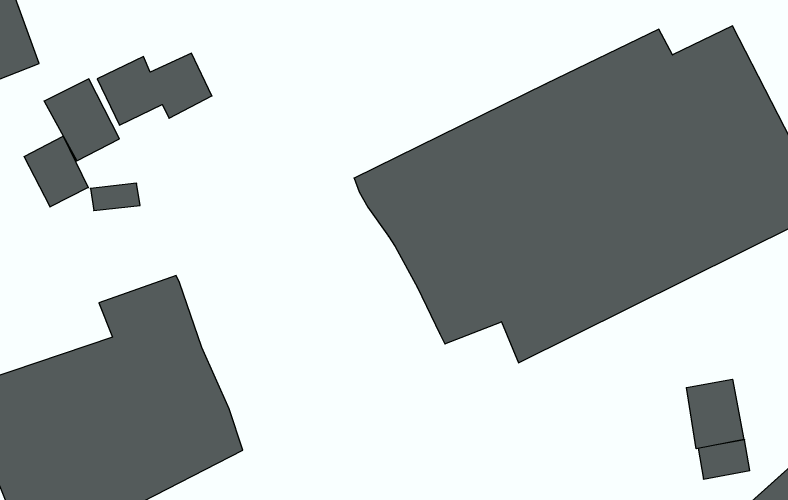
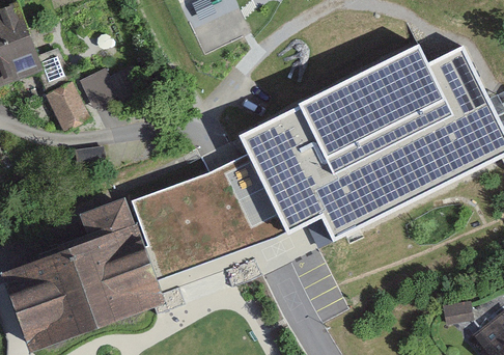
building: [24,136,88,207] -> none
building: none -> [127,156,284,278]
building: [686,379,744,449] -> none

